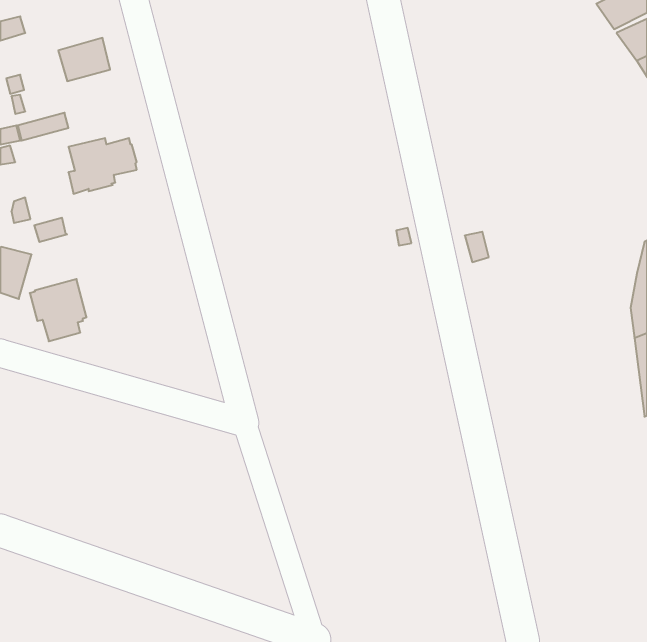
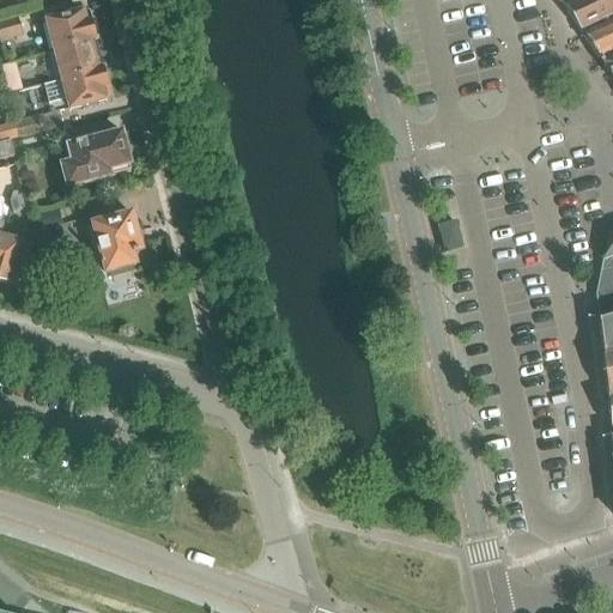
building: none -> [48,7,97,48]
building: none -> [47,66,113,107]
building: [30,279,87,341] -> [89,211,142,269]

